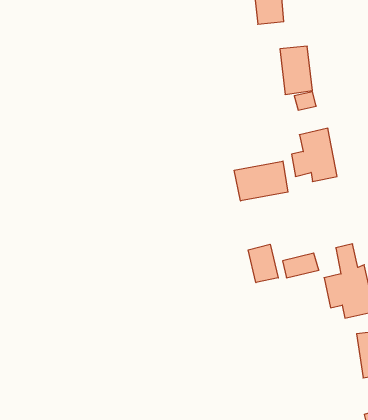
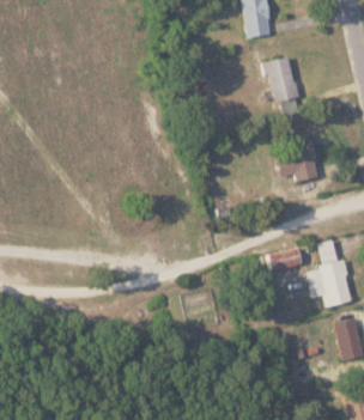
building: [234,161,288,201] -> none
building: [248,244,278,283] -> none

